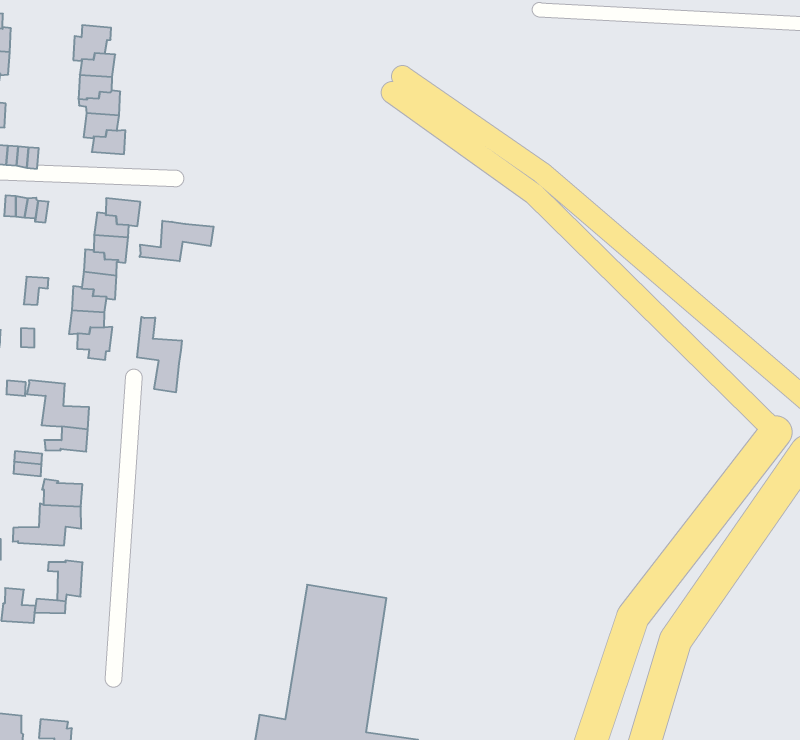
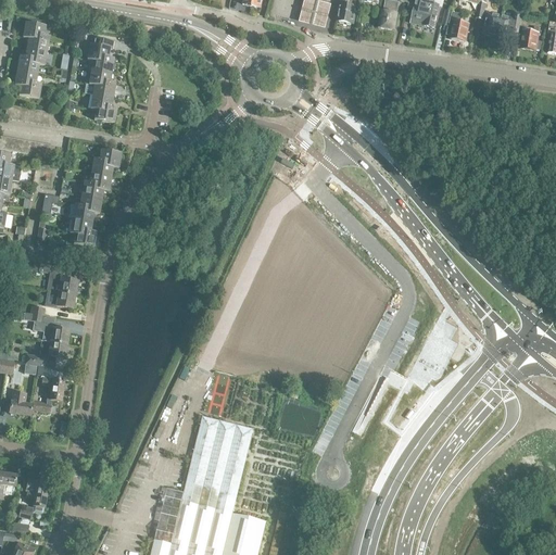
building: [140,221,214,261] -> none
building: [137,317,182,392] -> none

